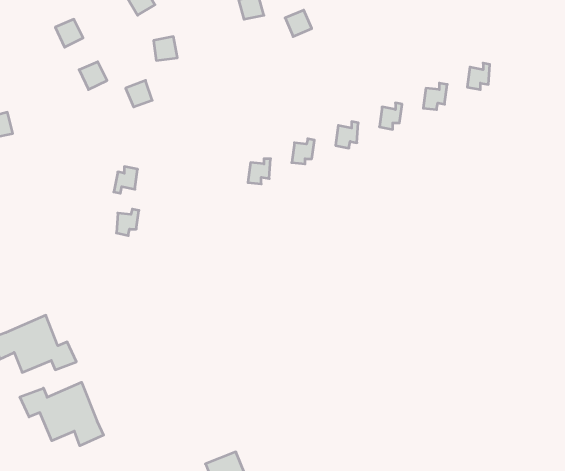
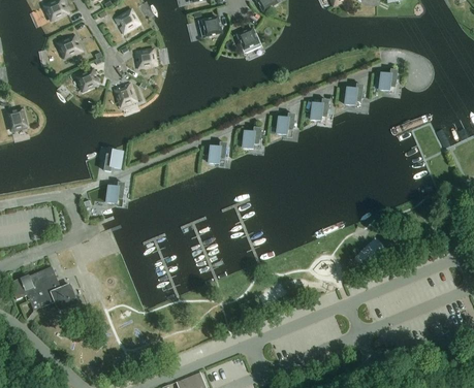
building: [20,382,104,446] -> none

